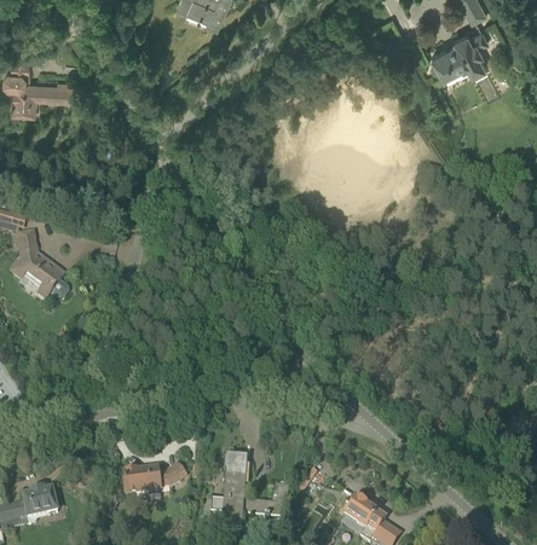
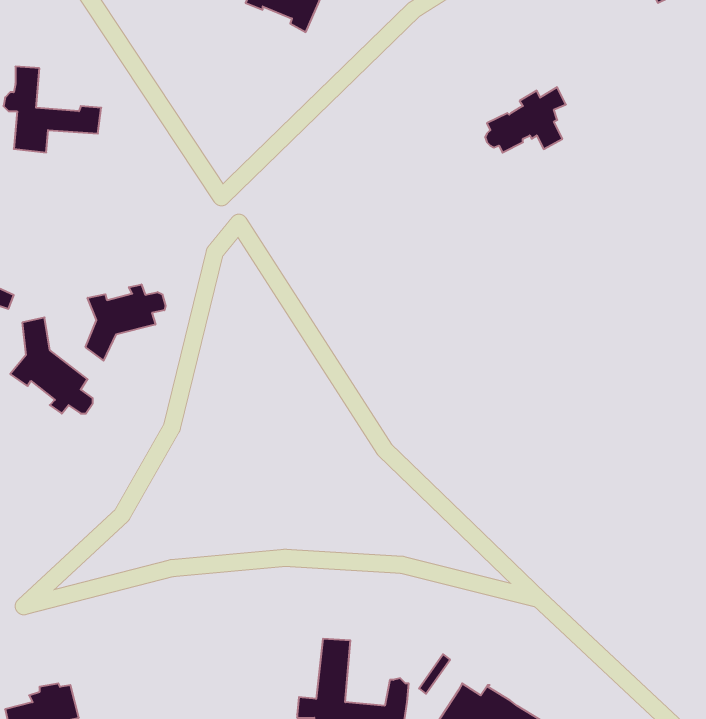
building: [432,29,489,75] -> [485,87,566,153]
building: none -> [86,284,166,361]
building: [123,463,186,494] -> none

